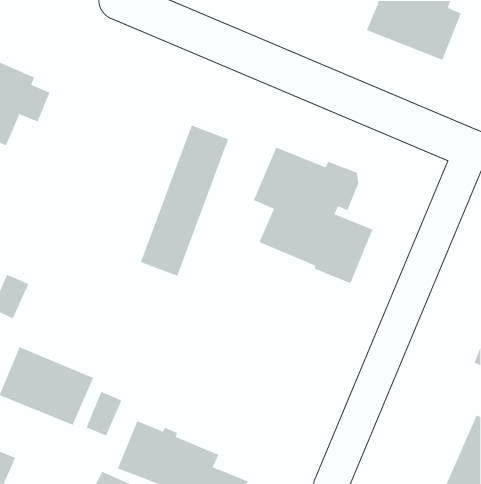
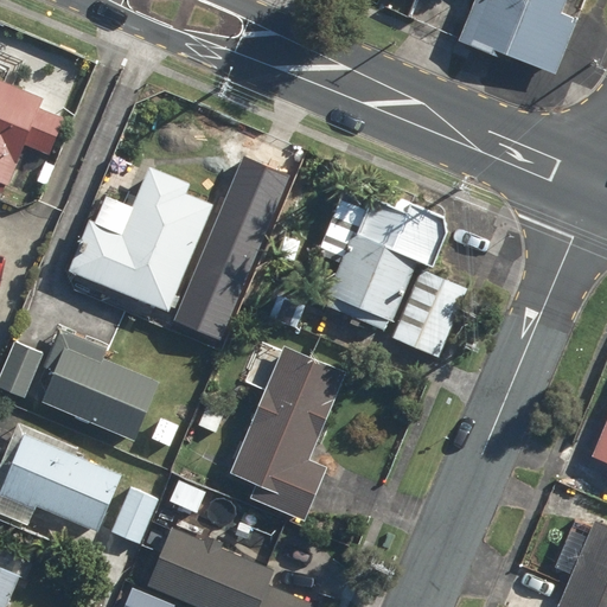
building: none -> [68,166,213,312]
building: none -> [40,327,160,440]
building: none -> [230,344,346,519]

